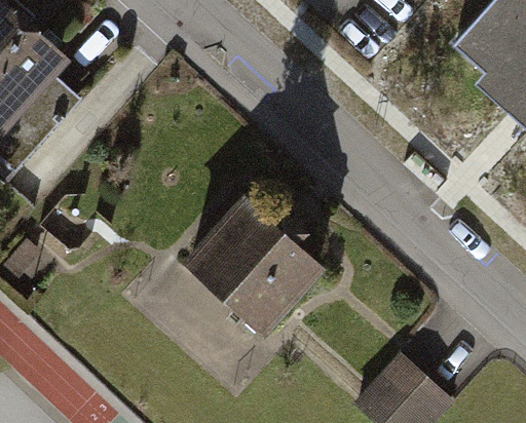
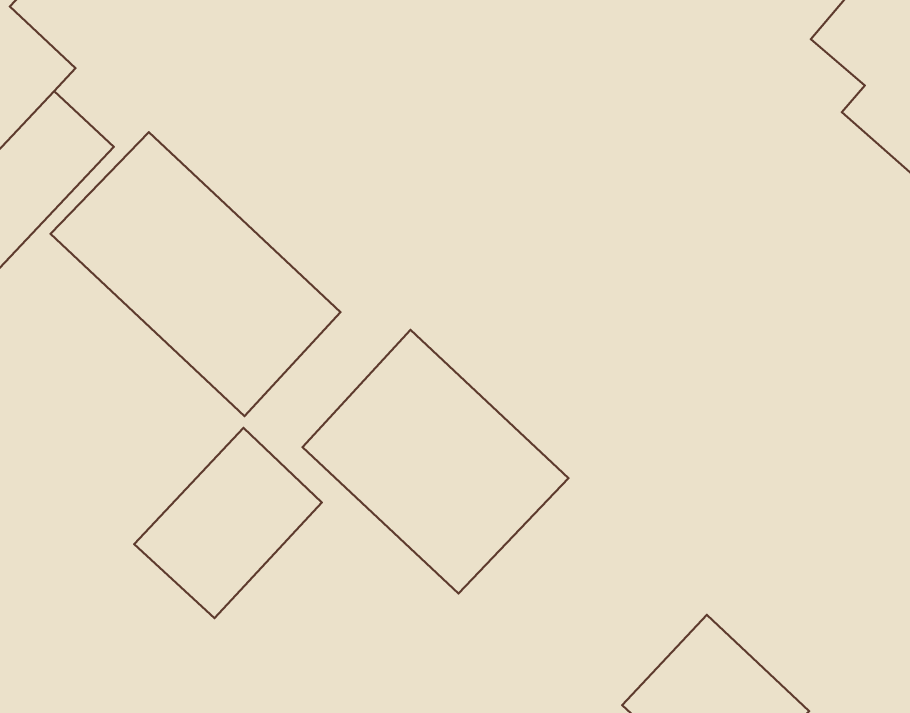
building: none -> [50,132,340,416]
building: none -> [134,428,322,618]

